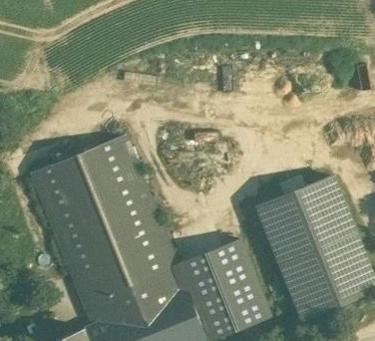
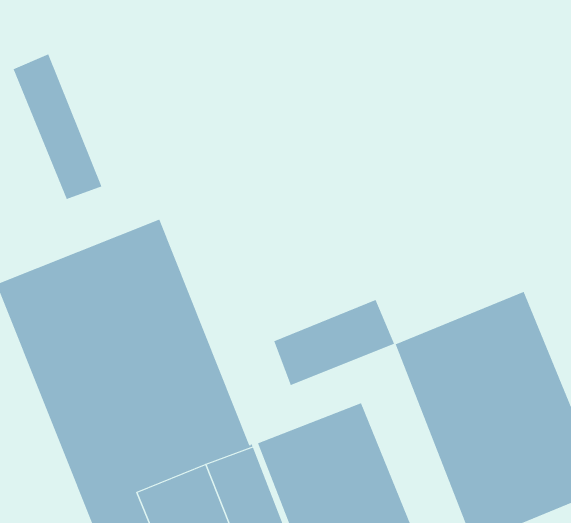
building: none -> [13,54,102,200]
building: none -> [274,299,395,386]

